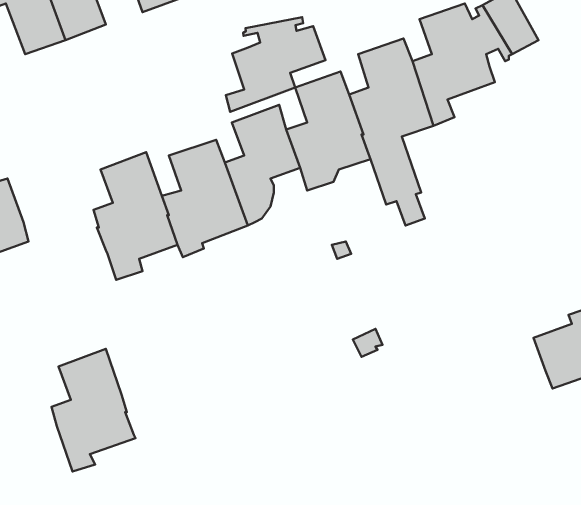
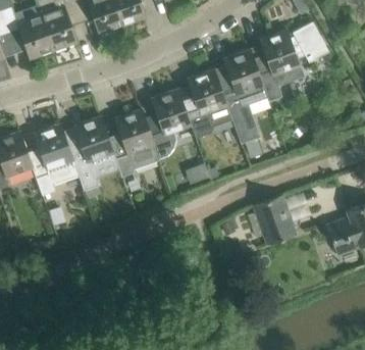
building: [226,17,326,112] -> none
building: none -> [253,195,295,245]
building: [51,349,136,472] -> [29,123,77,195]

